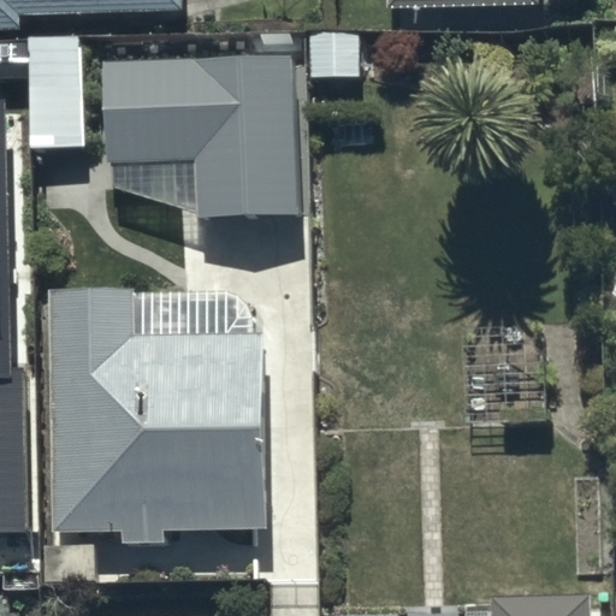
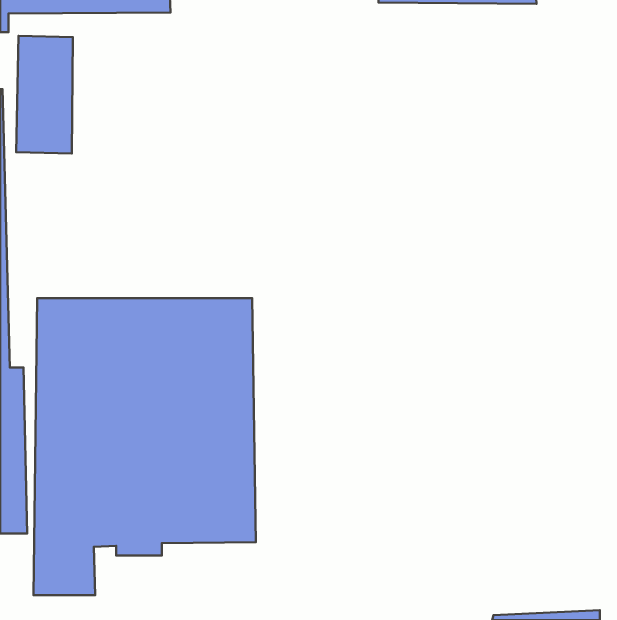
building: [101,58,296,223] -> none

